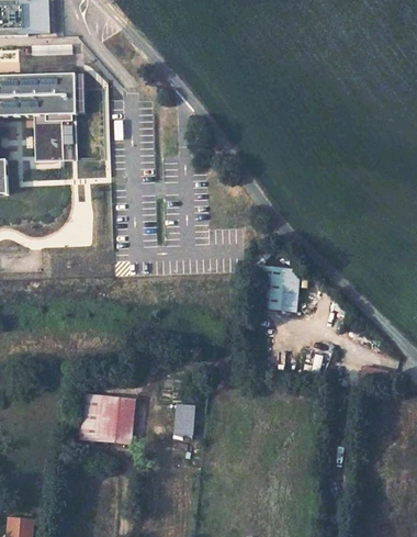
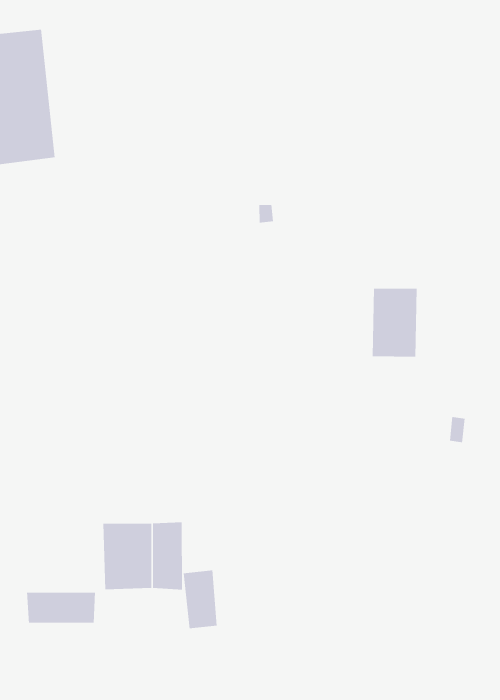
building: [176,401,195,437] -> [183,570,217,629]
building: none -> [26,592,95,623]

